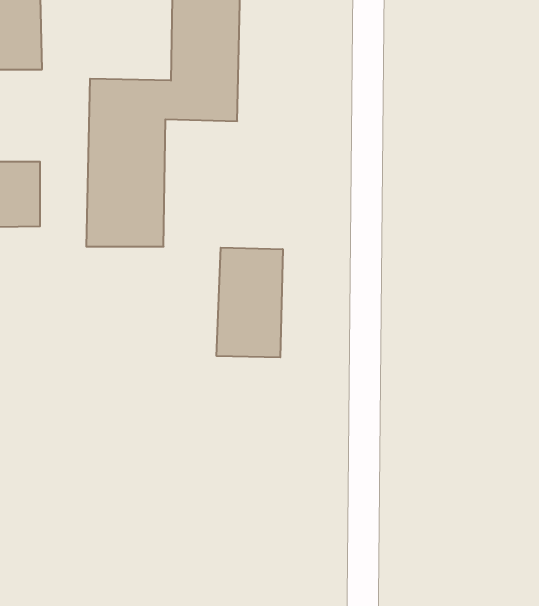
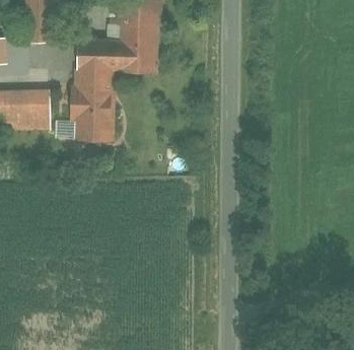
building: [217,248,283,357] -> none

